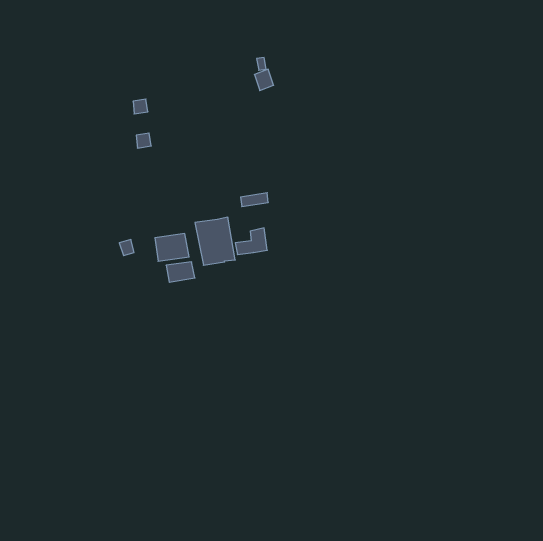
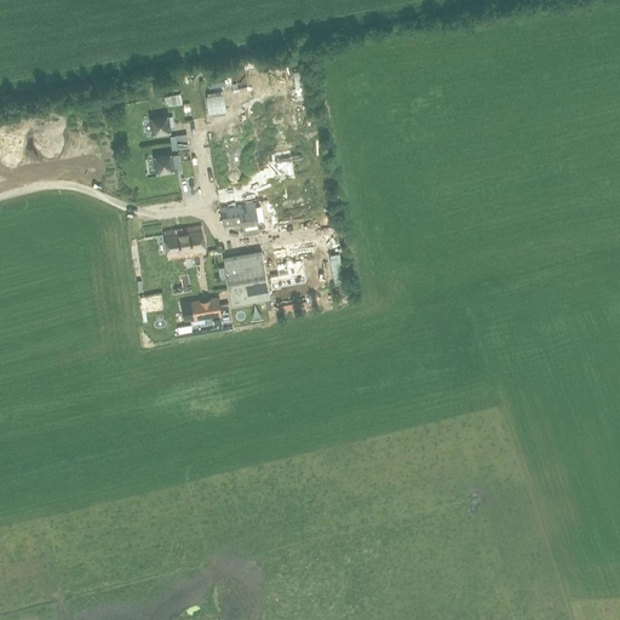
building: none -> [219,197,260,231]
building: [155,234,189,261] -> [165,223,203,254]

